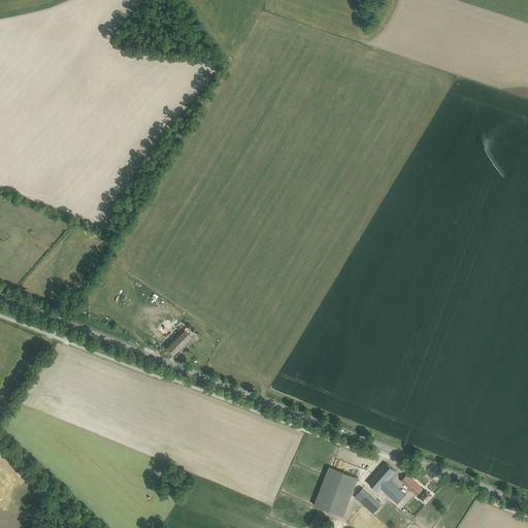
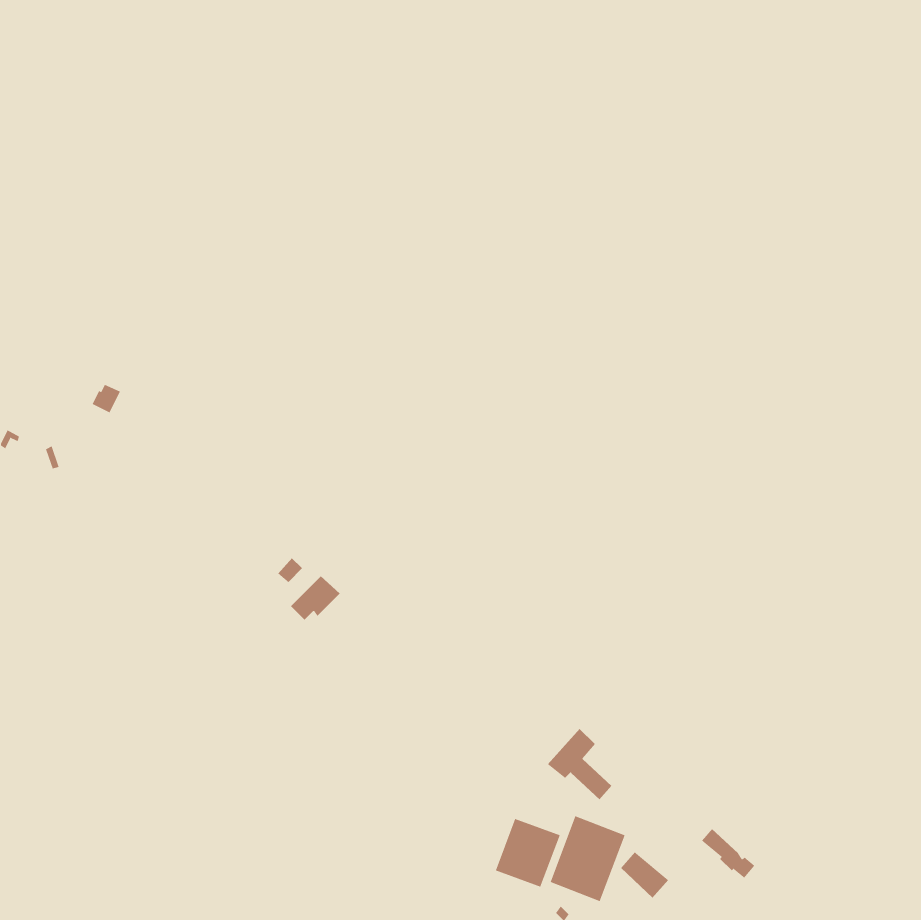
building: [368,463,405,504] -> [547,728,612,800]
building: none -> [495,818,561,888]

